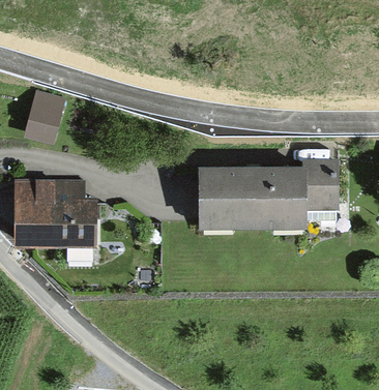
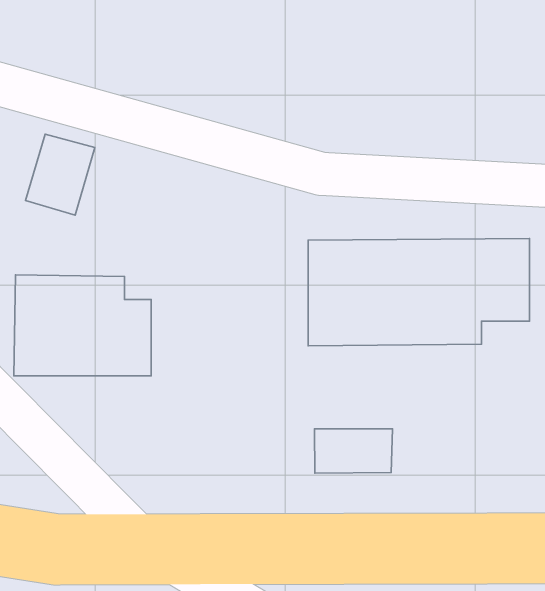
building: none -> [315,429,393,473]

